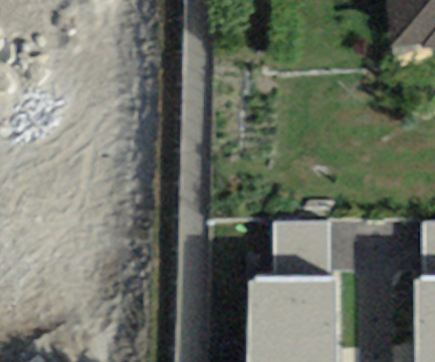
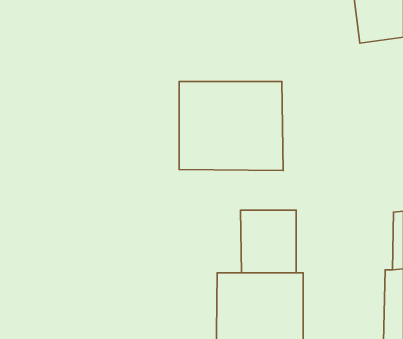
building: none -> [179,82,283,171]

